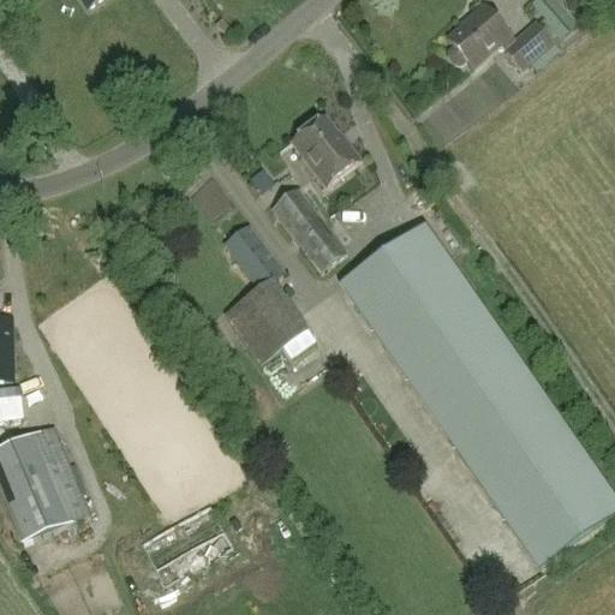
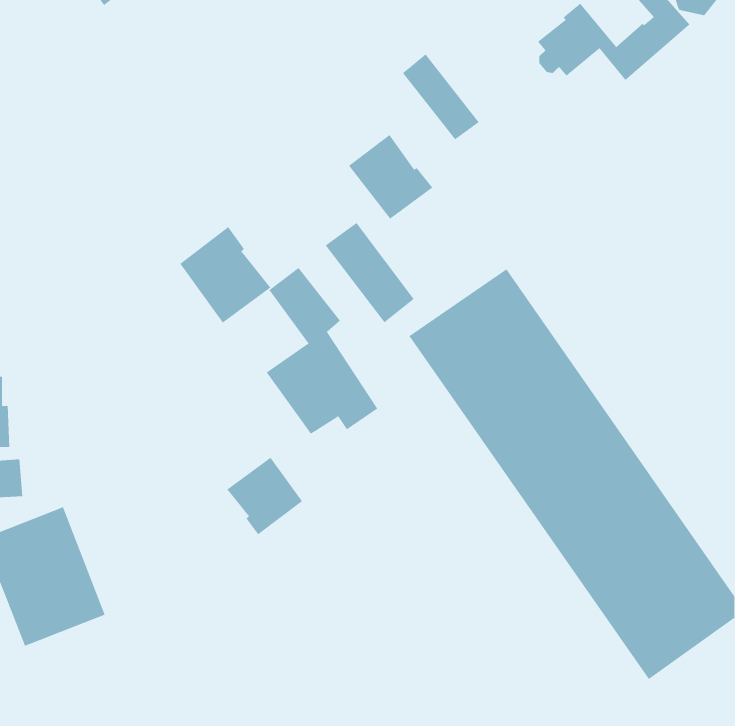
building: none -> [402,54,480,140]
building: none -> [179,226,271,324]
building: none -> [226,457,303,535]

